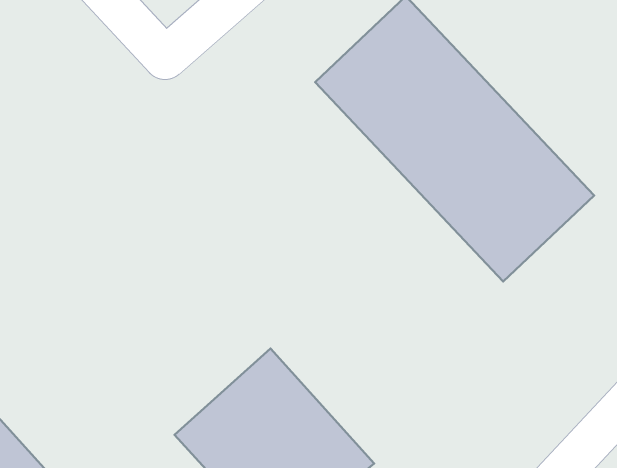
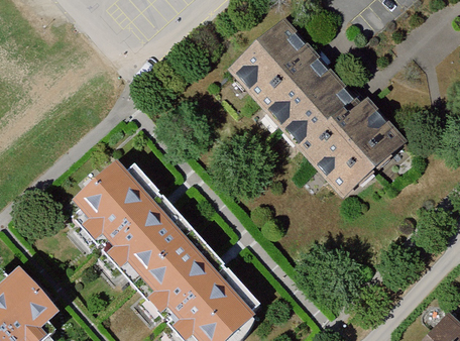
building: none -> [77,172,203,298]

